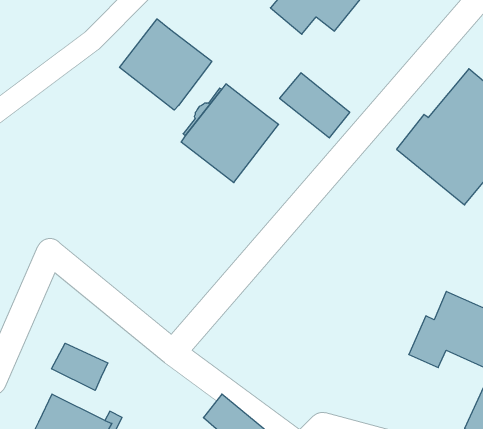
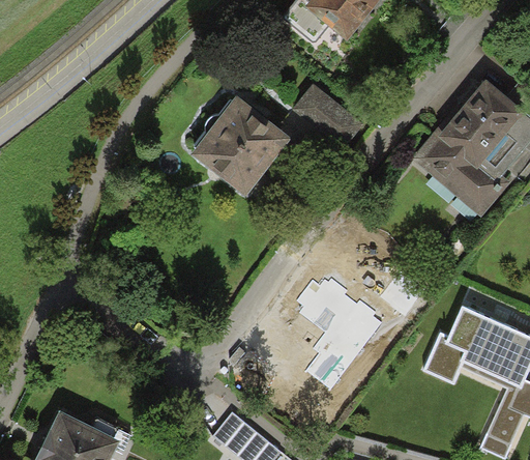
building: [120,19,212,110] -> none
building: none -> [297,278,382,390]
building: [52,343,108,390] -> none

